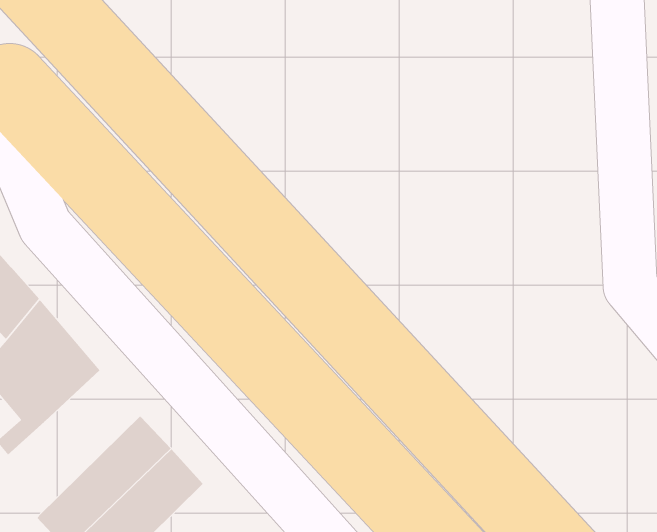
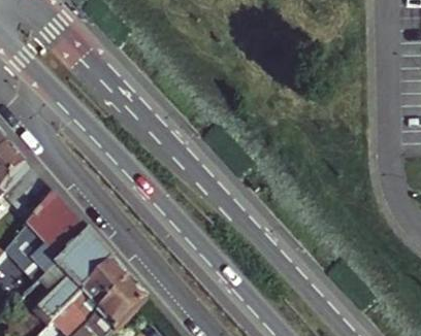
building: none -> [38,233,111,317]

